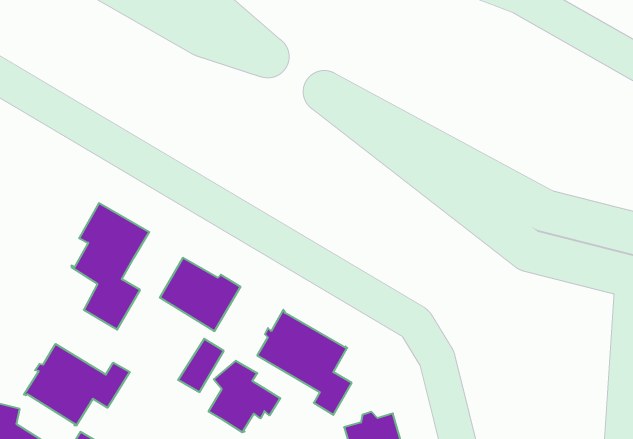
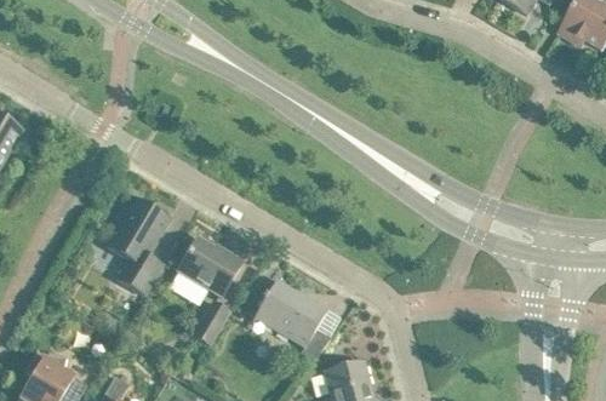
building: [24,344,130,426] -> none
building: [209,361,280,432] -> none

